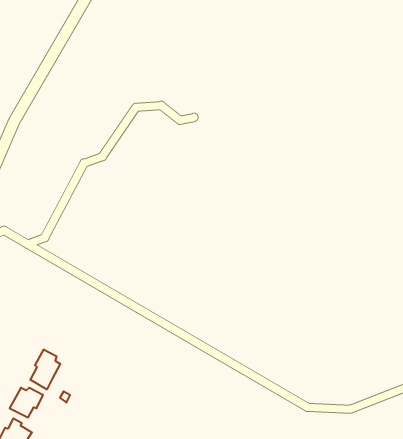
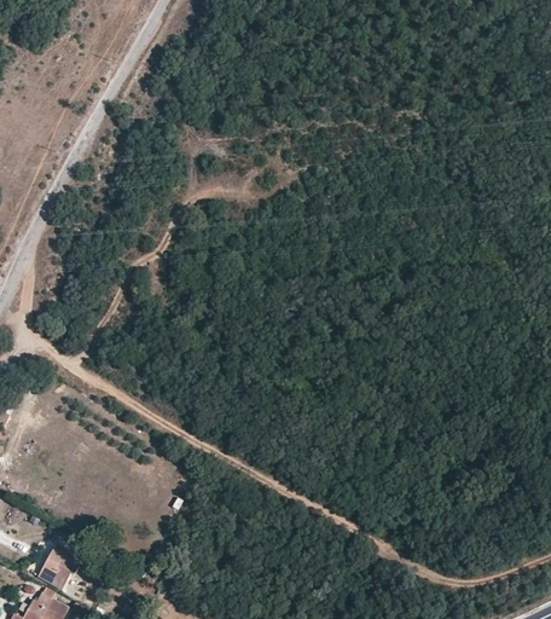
building: [30,349,60,389] -> none

